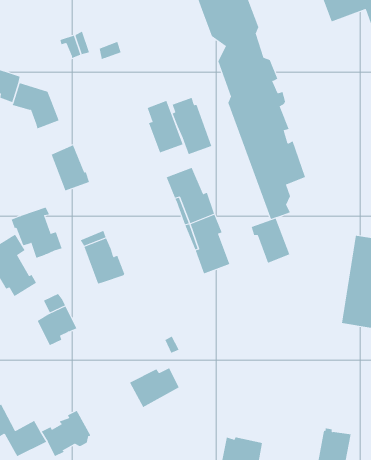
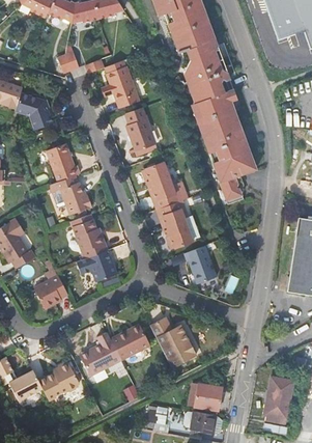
building: [172,97,212,155] -> [107,59,140,107]
building: [11,207,63,258] -> [50,173,92,216]
building: [251,218,290,263] -> [183,245,216,282]
building: none -> [77,250,117,280]
building: none -> [150,316,197,367]
building: none -> [82,331,122,377]

